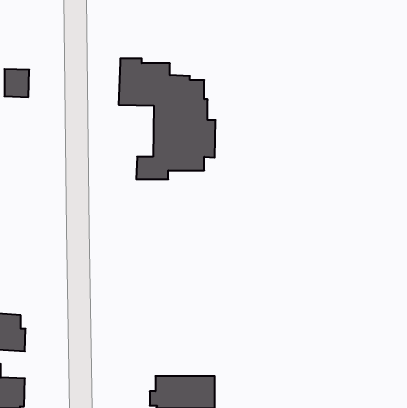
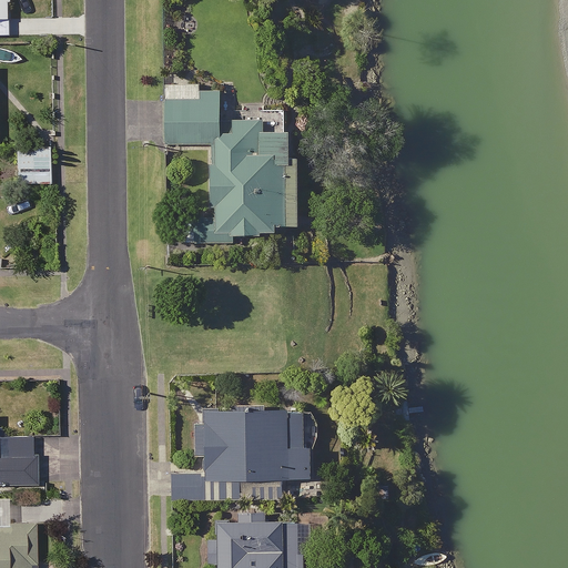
building: [4,69,29,97] -> [14,145,49,184]
building: none -> [191,413,322,495]

